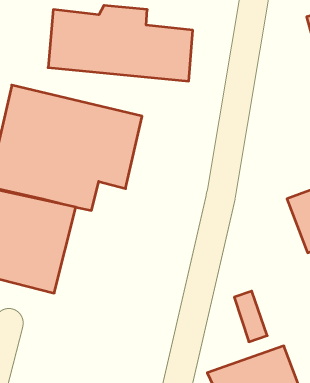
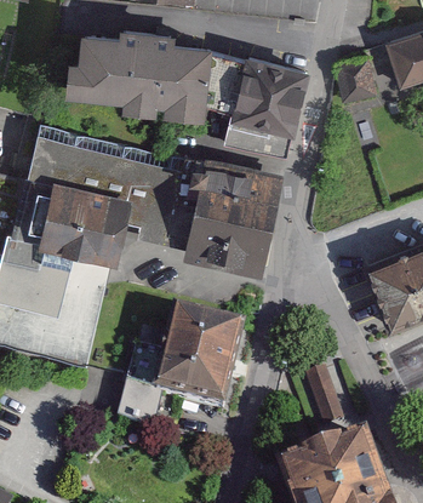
building: none -> [336,61,383,108]
building: none -> [245,62,316,158]
building: none -> [188,166,276,271]
building: none -> [114,301,248,427]

